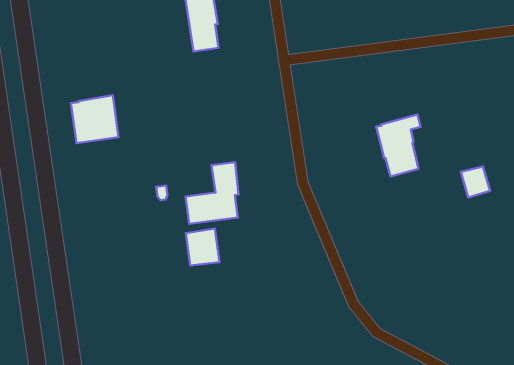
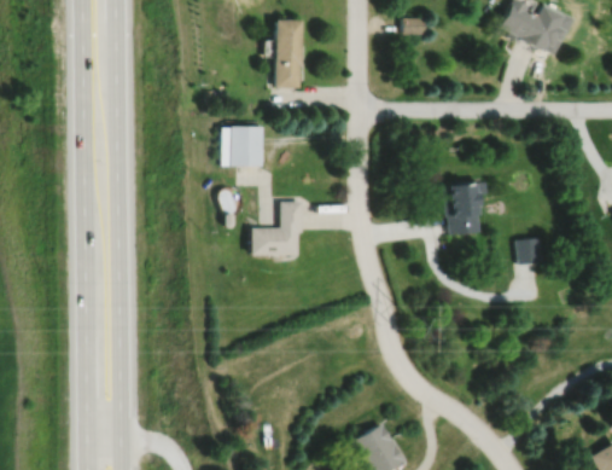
building: [71,95,119,143] -> [221,124,262,166]
building: [186,228,219,265] -> none

